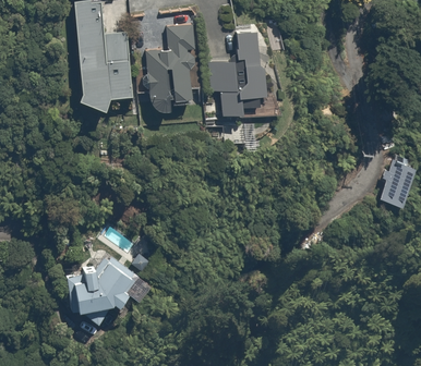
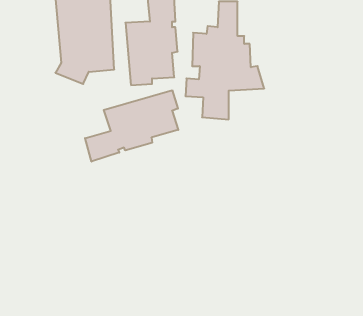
building: none -> [85,90,178,162]
building: [74,258,153,325] -> none

